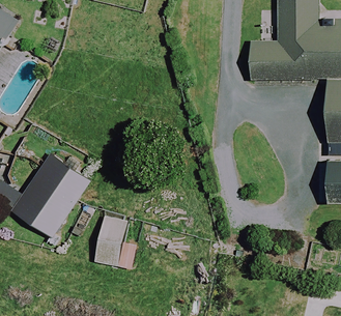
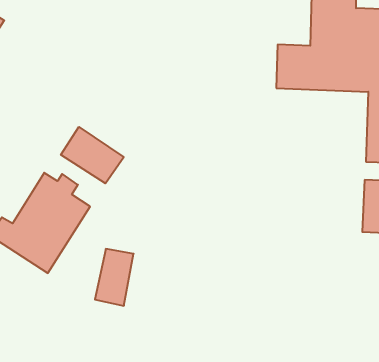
building: none -> [61,127,124,183]

